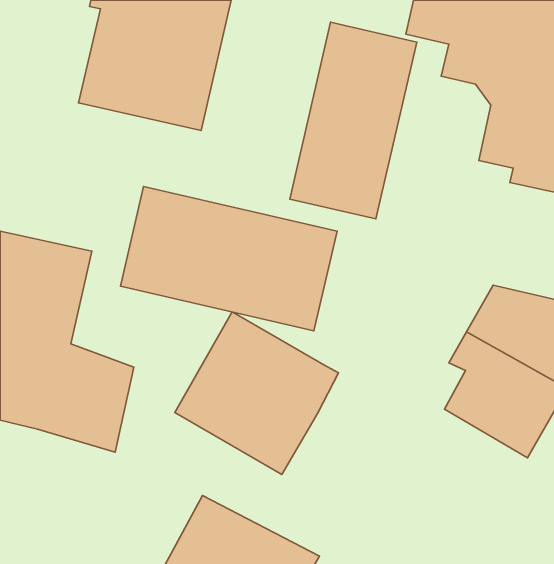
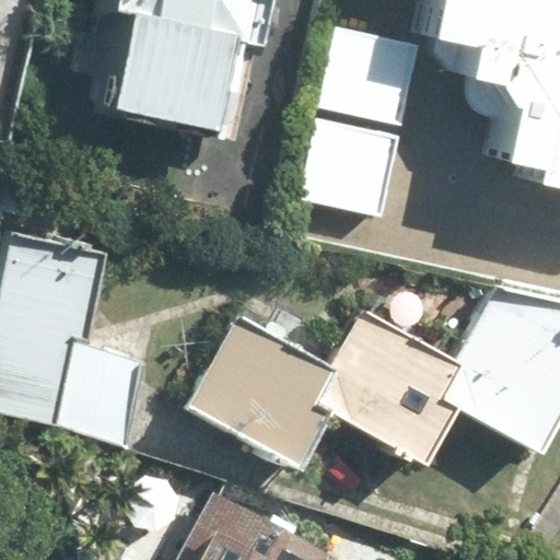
building: [121,186,337,331] -> none
building: none -> [325,307,471,464]

